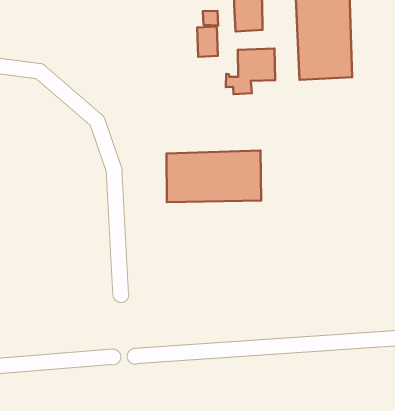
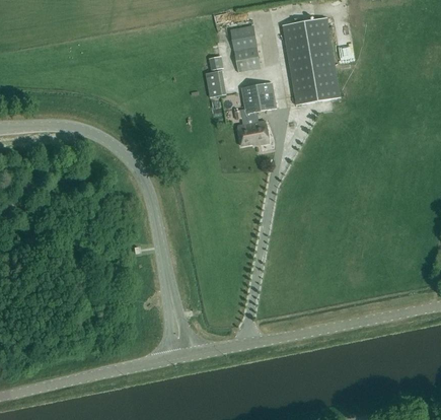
building: none -> [237,120,269,145]
building: [167,151,261,202] -> none

